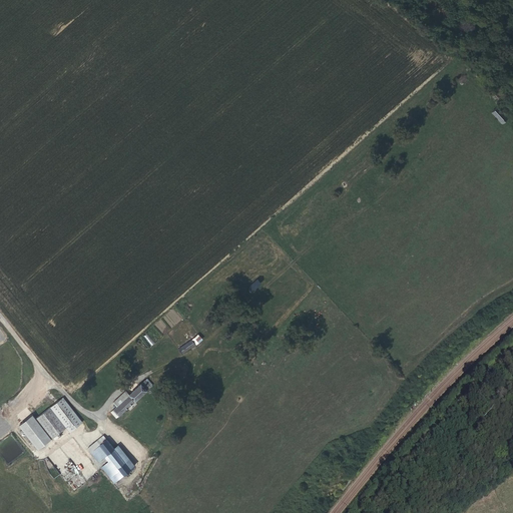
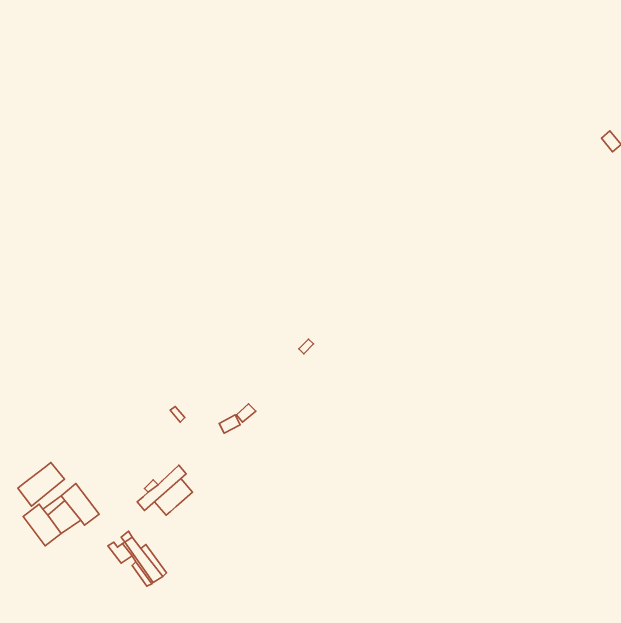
building: none -> [18,463,64,506]
building: none -> [154,478,192,515]

